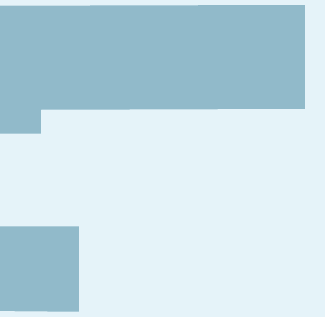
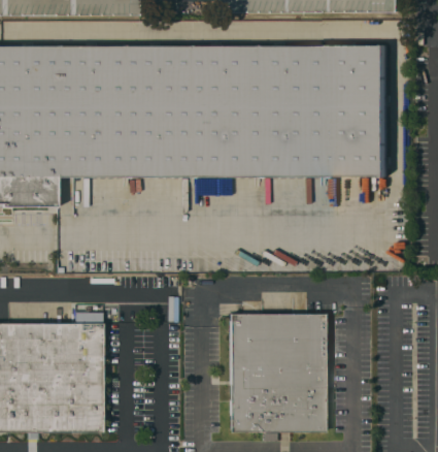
building: none -> [232,315,329,426]

